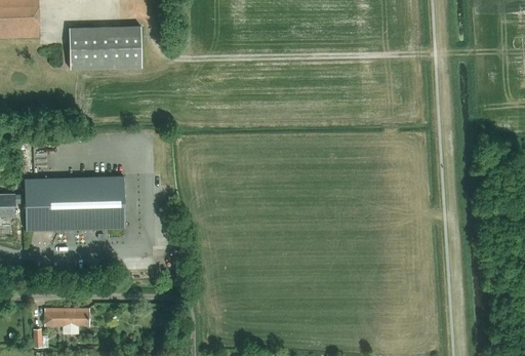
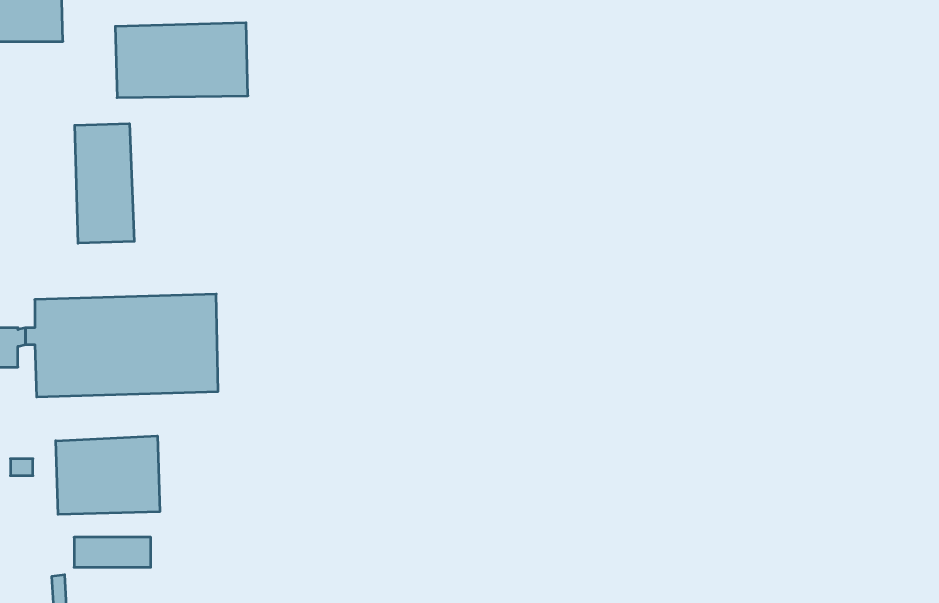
building: none -> [75,124,134,243]
building: none -> [56,436,160,514]

